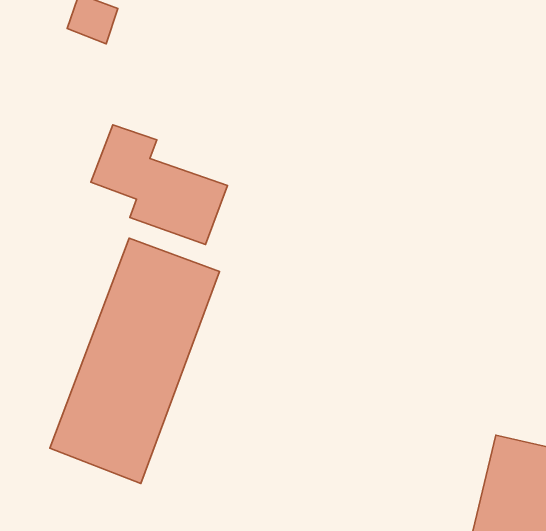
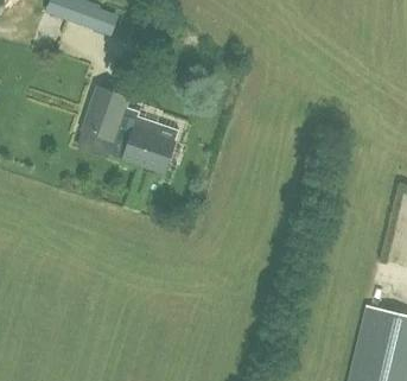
building: [50,238,220,483] -> none

